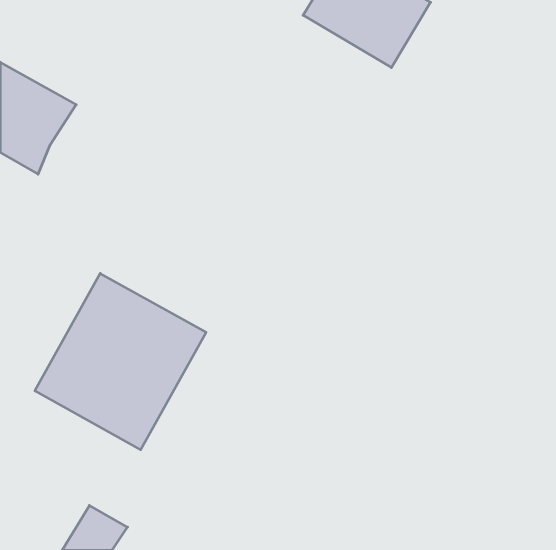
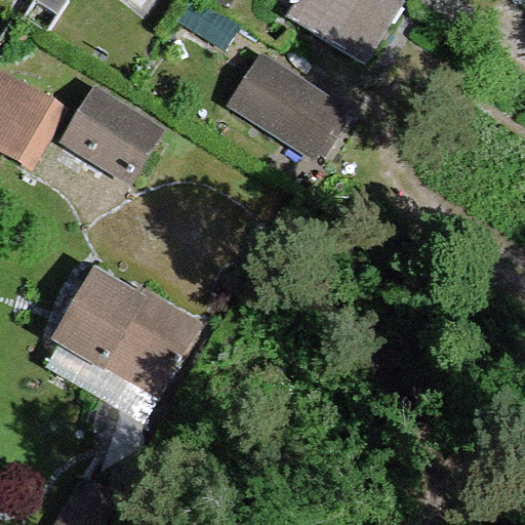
building: none -> [226,67,342,166]
building: none -> [48,80,165,188]

